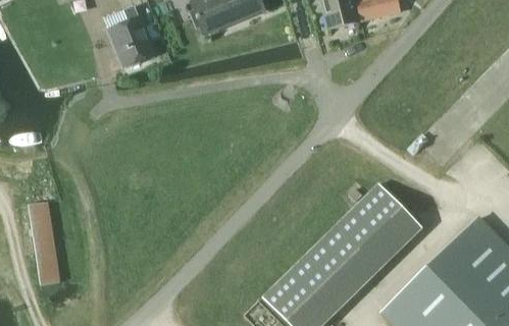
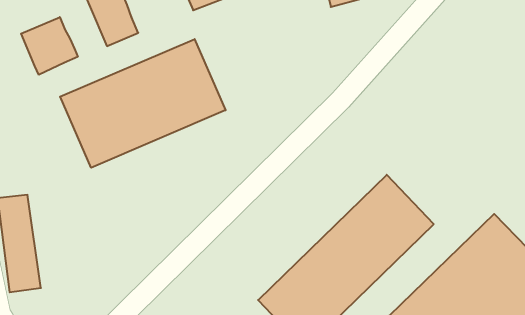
building: none -> [21,17,78,75]
building: none -> [60,39,226,168]

